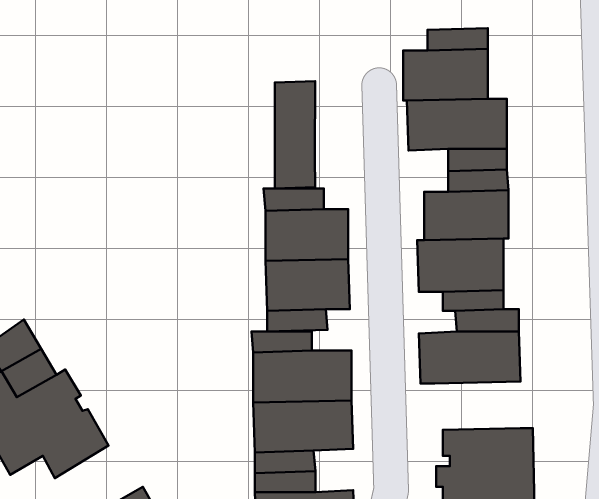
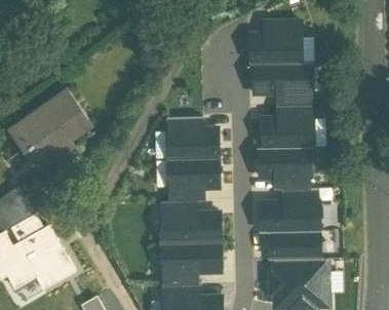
building: [275,81,315,189] -> none
building: none -> [15,87,91,167]
building: none -> [269,231,320,260]

